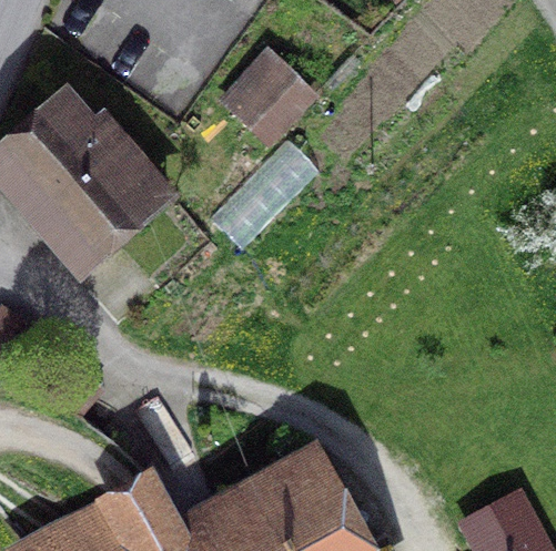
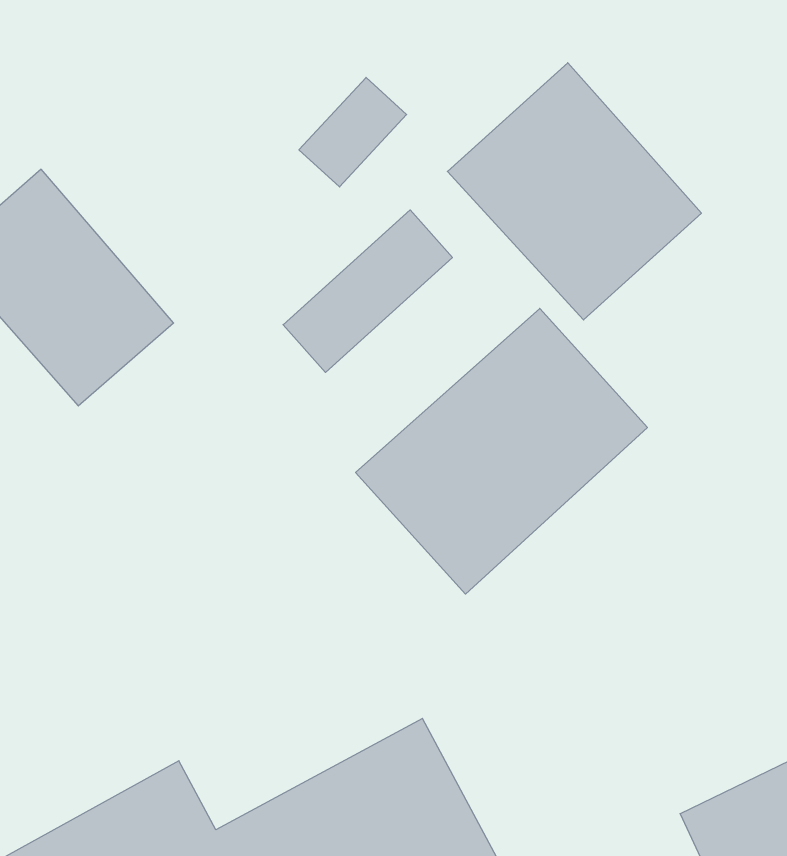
building: none -> [447,63,701,320]
building: none -> [356,308,647,594]

